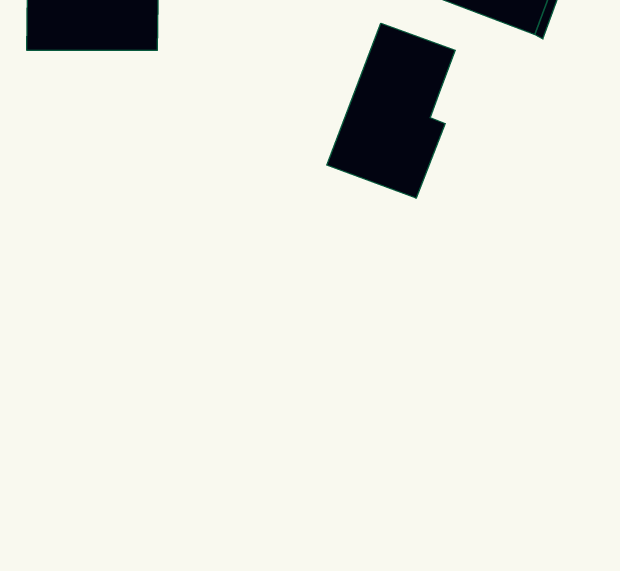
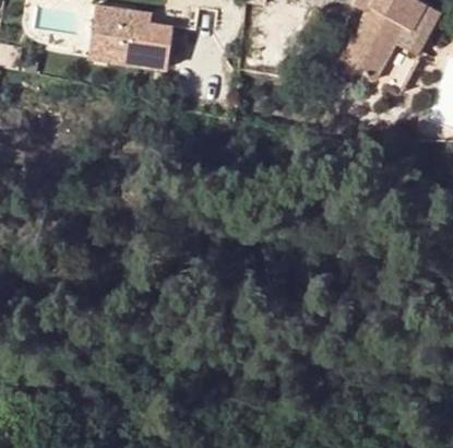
building: [327,23,455,198] -> none

